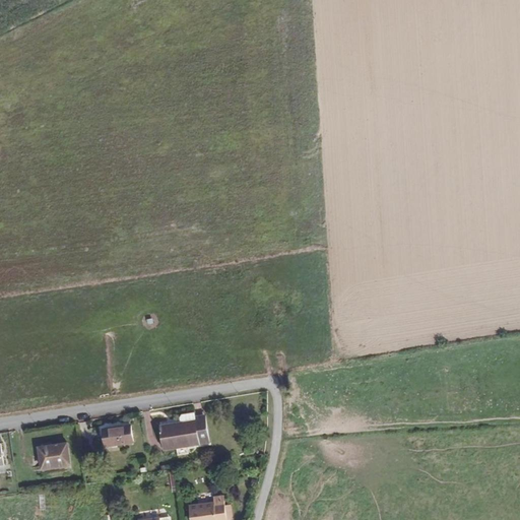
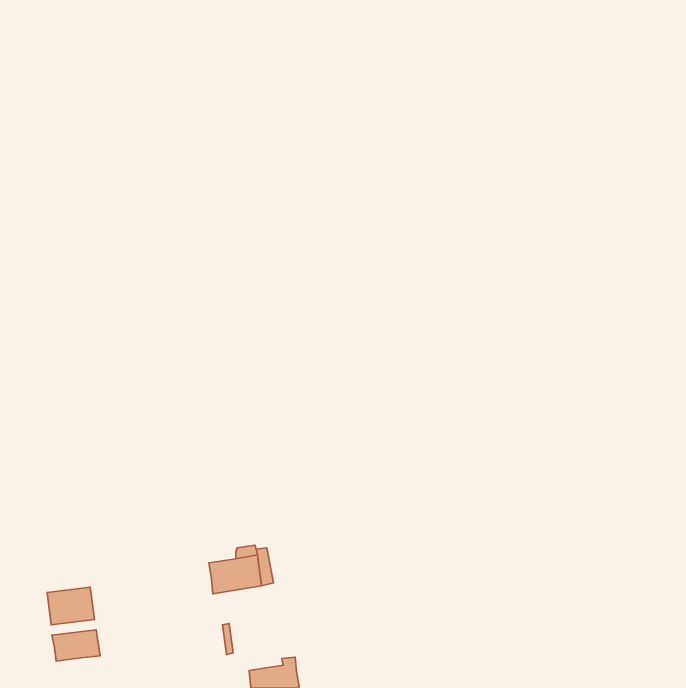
building: [101,426,134,448] -> none
building: none -> [52,630,100,661]

